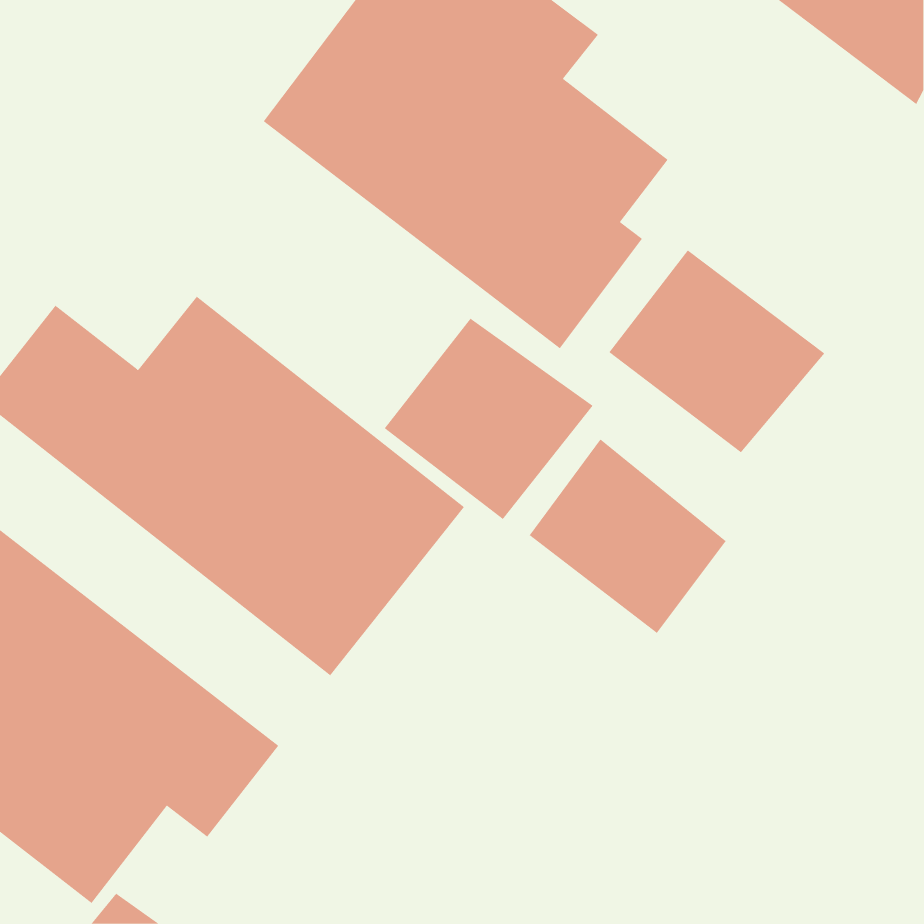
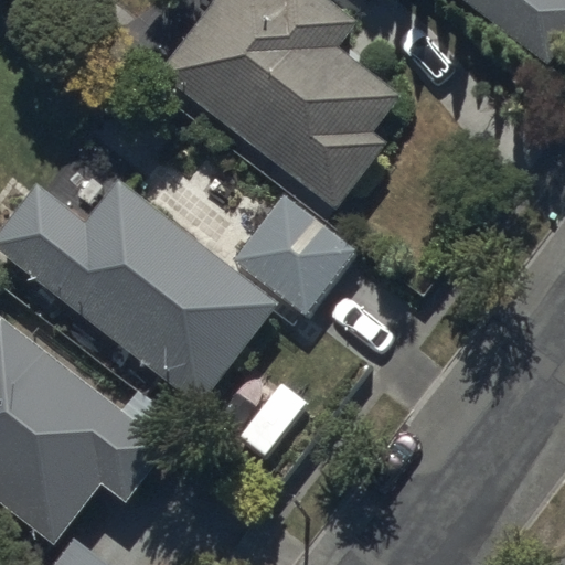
building: [609,250,825,453] -> none
building: [529,439,727,634] -> none

